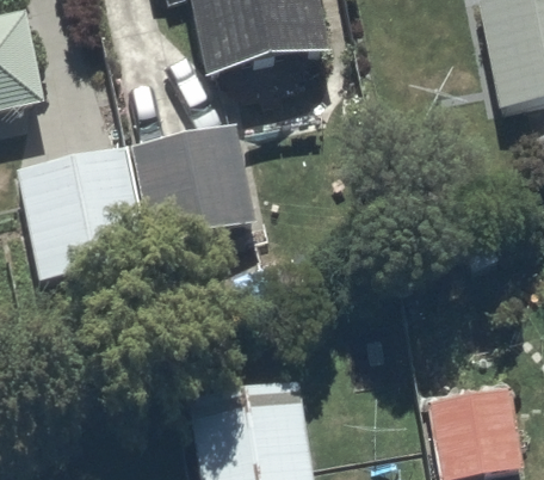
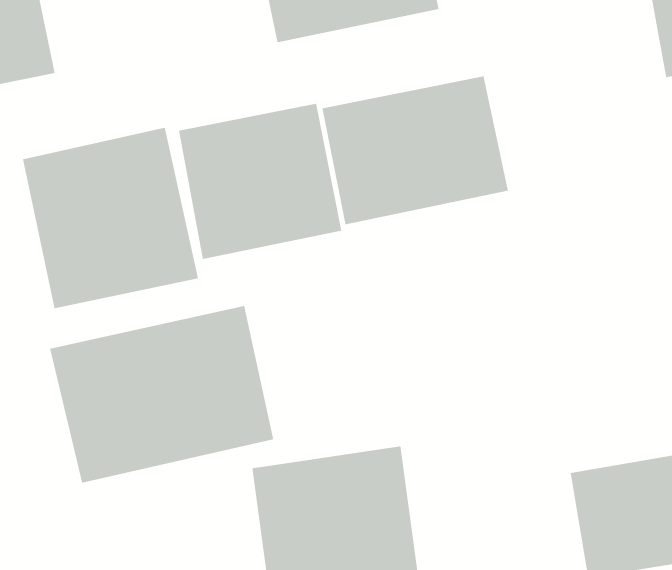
building: none -> [322,76,508,225]
building: none -> [50,305,274,483]

